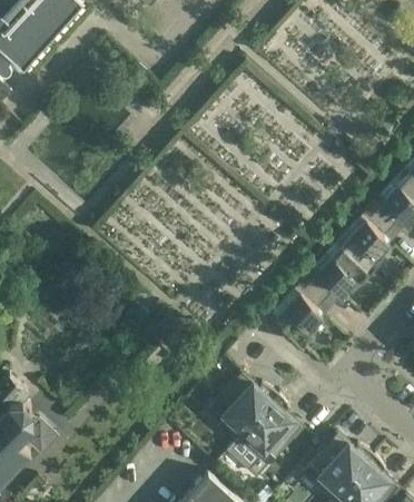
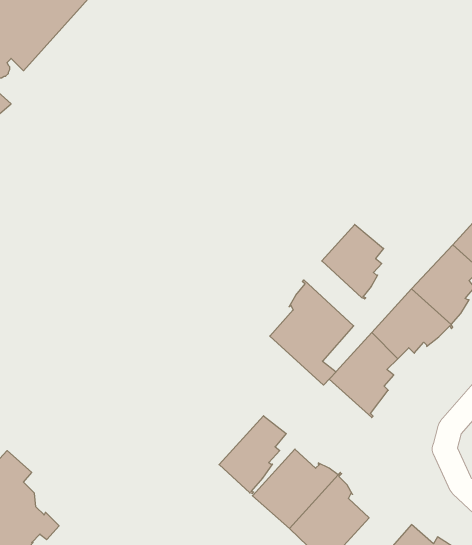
building: none -> [322,224,384,299]
building: none -> [270,280,354,385]
building: none -> [219,416,286,494]

